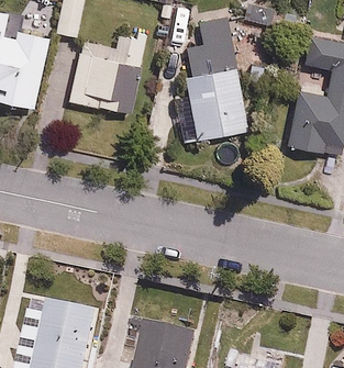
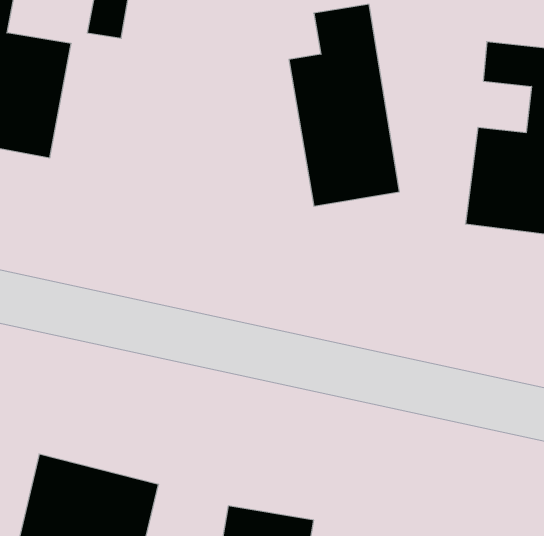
building: [67,34,144,112] -> none

